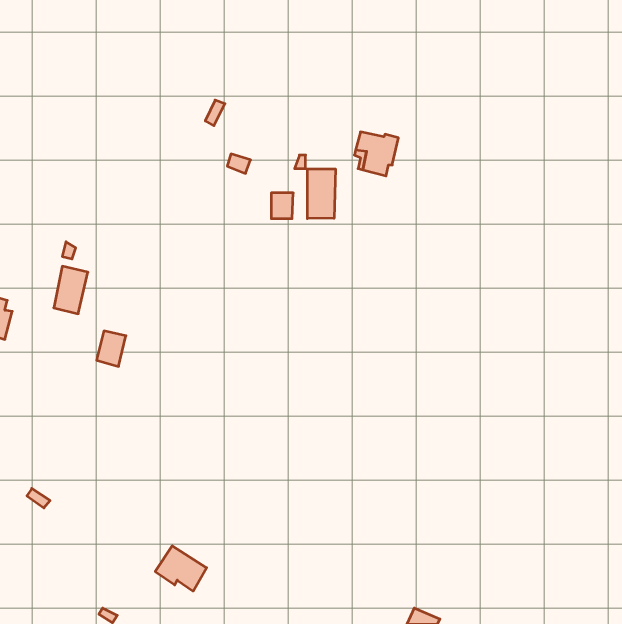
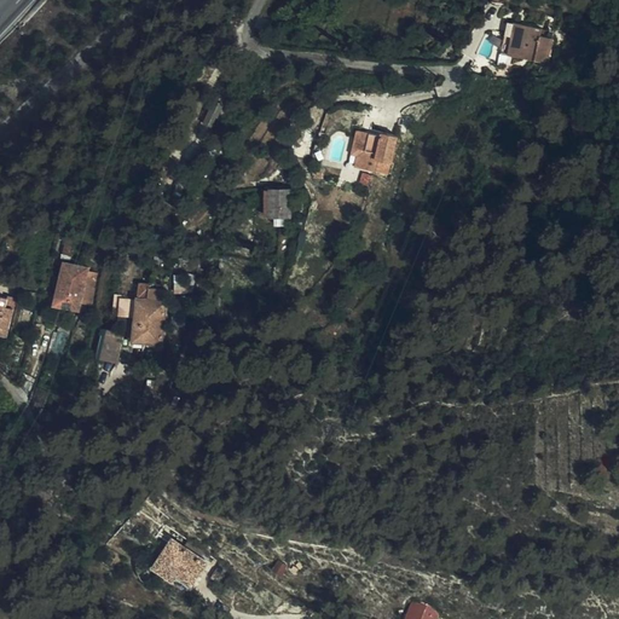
building: none -> [498,23,550,64]
building: [307,169,335,219] -> none
building: none -> [132,284,164,345]

